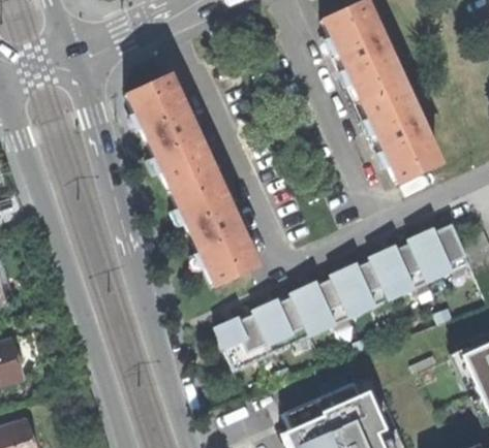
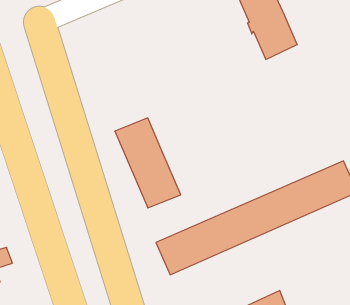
building: [128,74,211,188] -> none
building: [359,79,435,180] -> none

